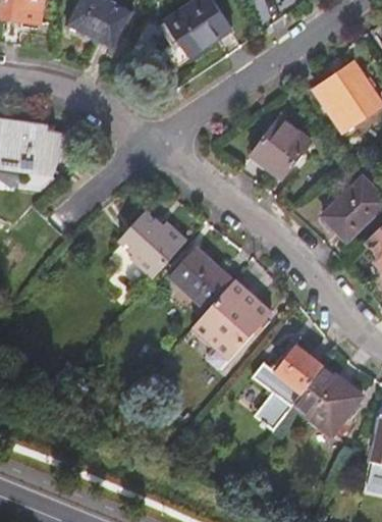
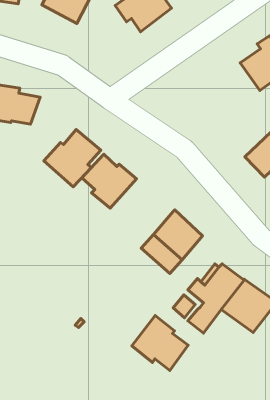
building: [254,117,311,177] -> none
building: none -> [44,129,101,187]
building: [172,250,233,311] -> none
building: none -> [132,316,188,371]

